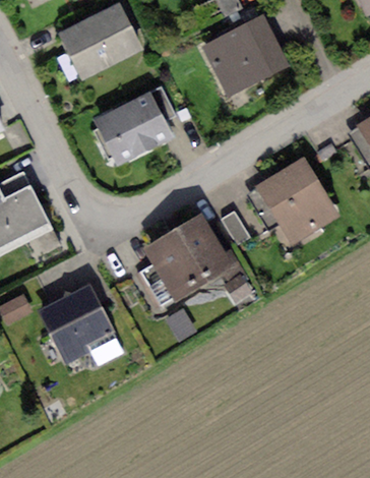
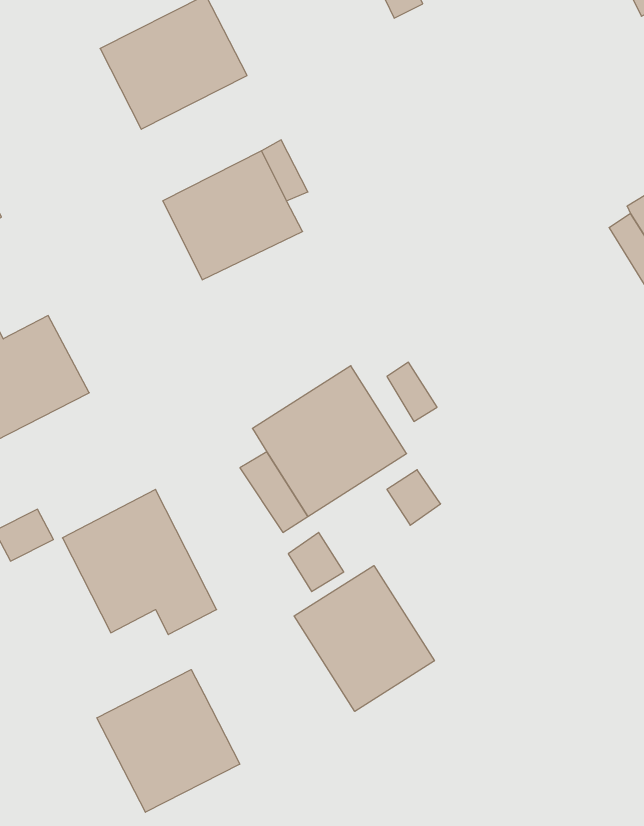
building: [201,15,289,96] -> none
building: [246,156,341,244] -> none
building: none -> [294,566,434,711]
building: none -> [97,670,240,812]

